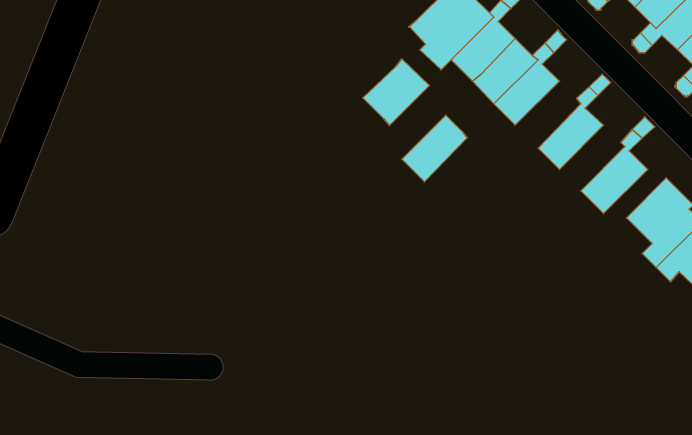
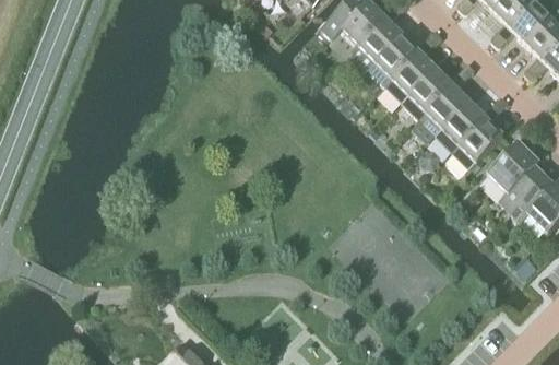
building: [363,59,430,126] -> none
building: [402,115,467,182] -> [402,67,452,118]
building: none -> [436,101,486,151]

